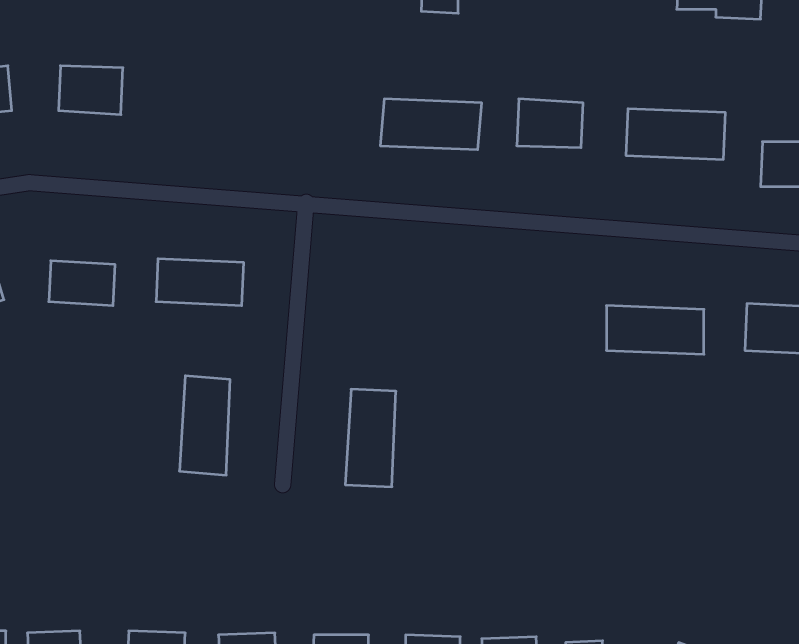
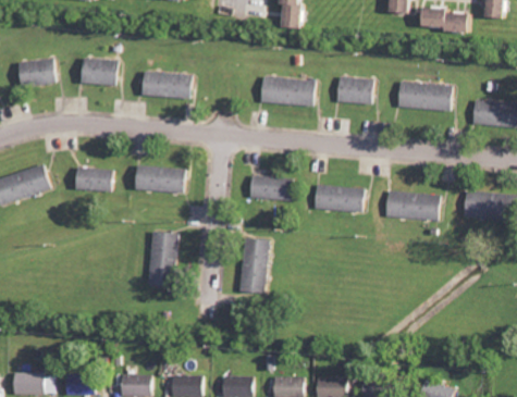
building: none -> [141,72,192,98]
building: none -> [250,175,294,199]
building: none -> [316,185,366,211]

